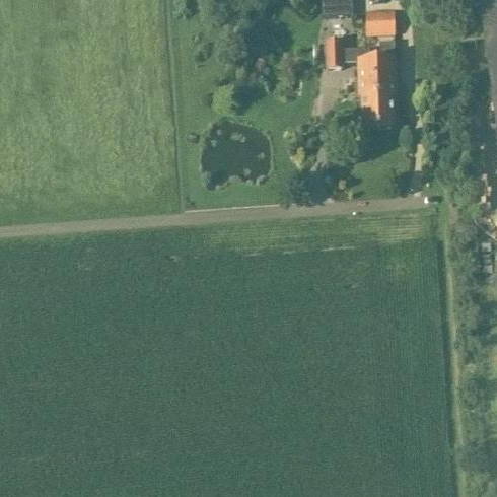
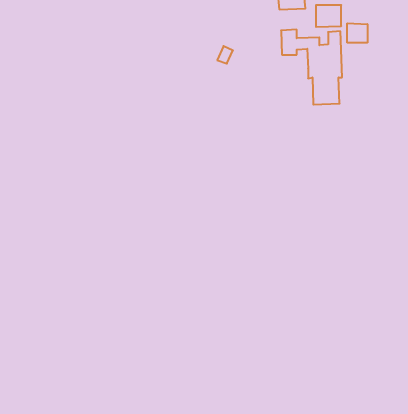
building: none -> [347,23,367,43]

